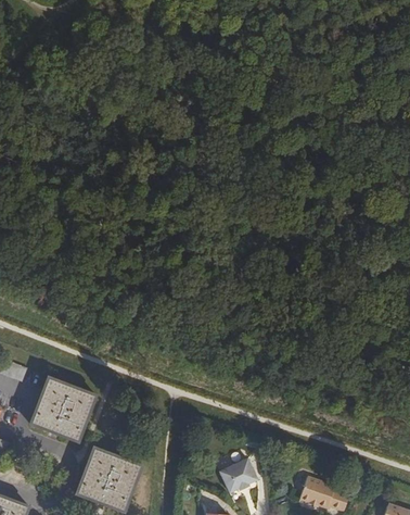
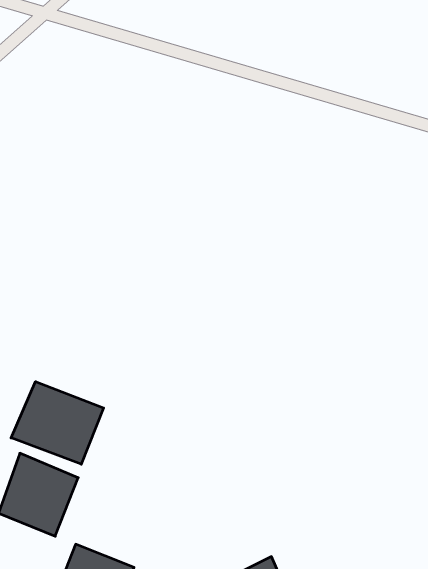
building: none -> [11,382,104,464]

